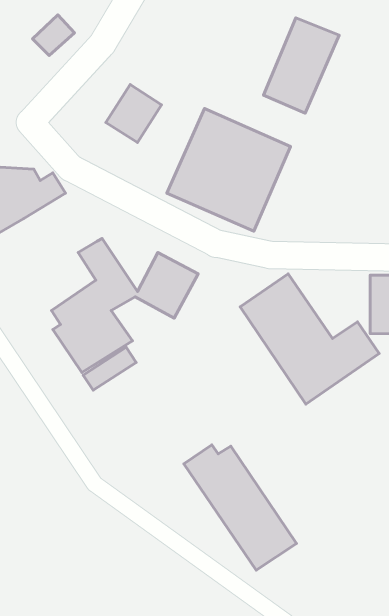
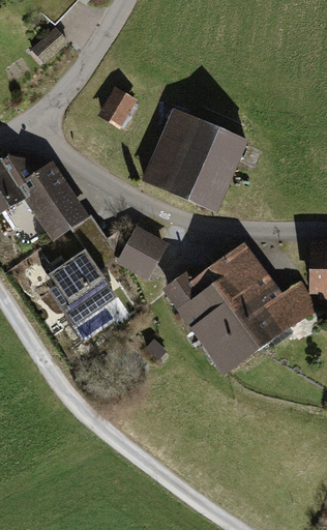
building: [263,18,339,113] -> none
building: none -> [26,178,86,239]
building: [184,445,297,570] -> [165,270,257,373]

